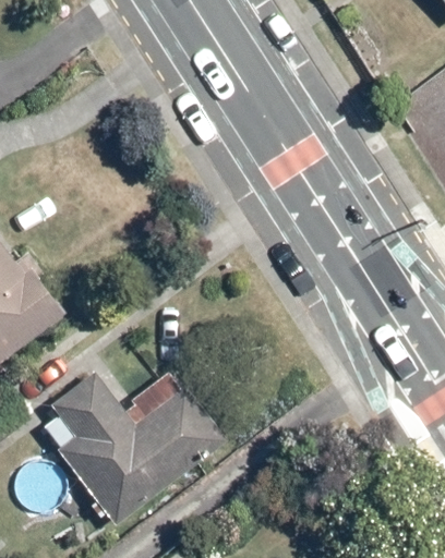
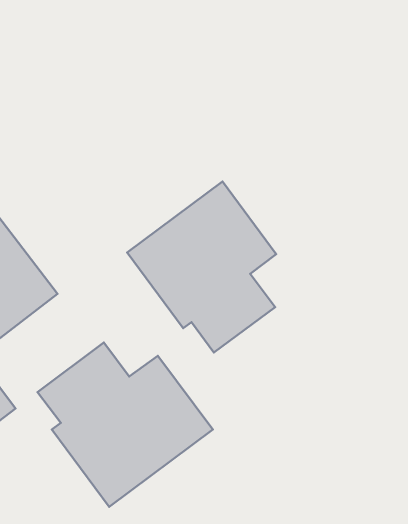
building: none -> [127,182,276,352]

